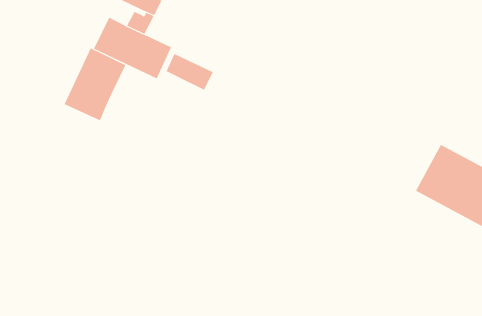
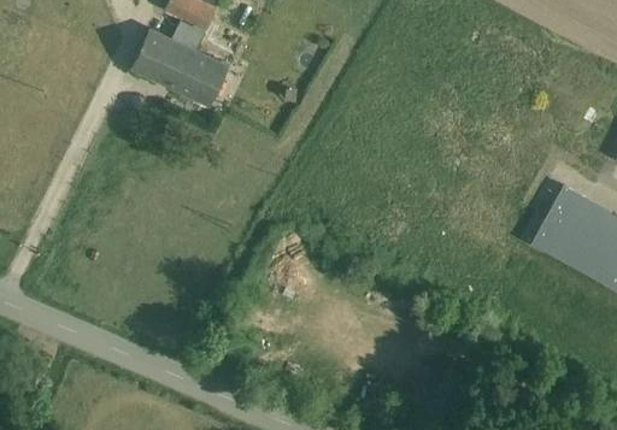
building: [64,48,126,121] -> none
building: [166,53,214,91] -> none

